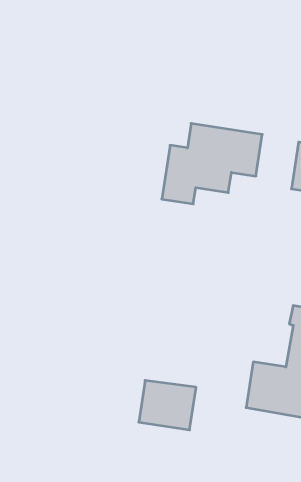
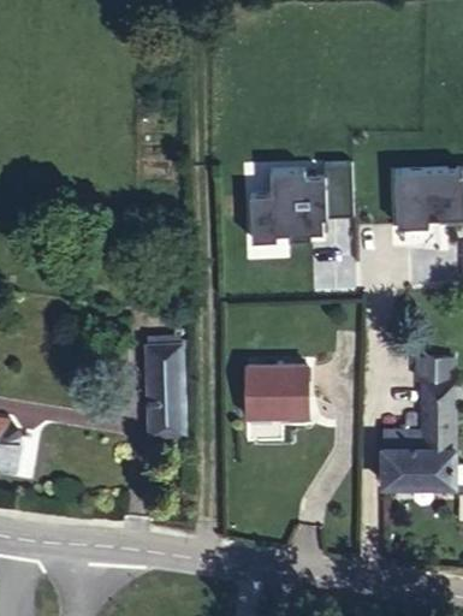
building: none -> [147,344,184,436]
building: [139,380,196,430] -> [247,366,307,416]

